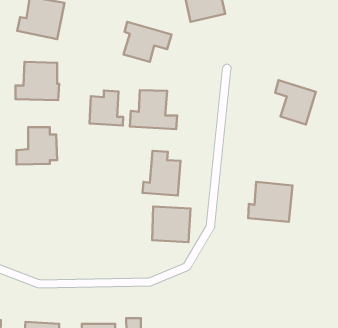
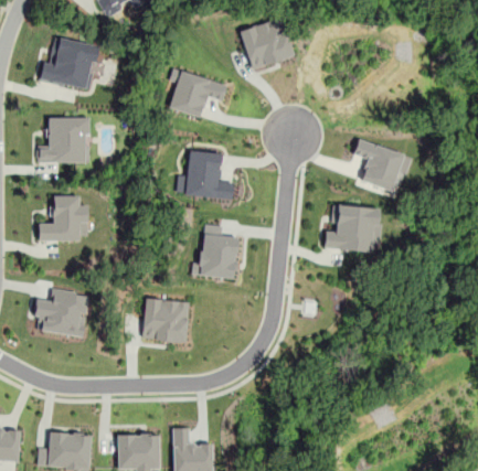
building: [89,91,123,125] -> none
building: [248,182,292,222] -> [325,204,379,253]
building: none -> [34,289,86,336]
building: [152,207,190,242] -> [144,299,190,342]

